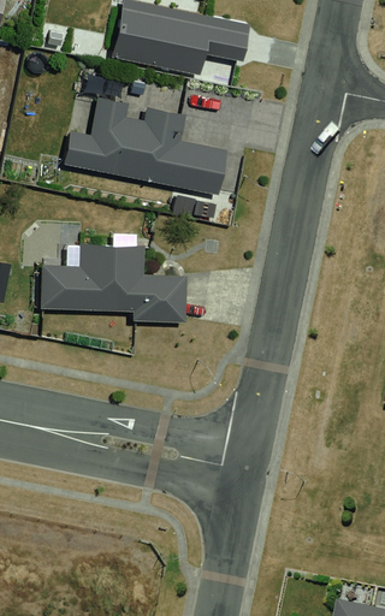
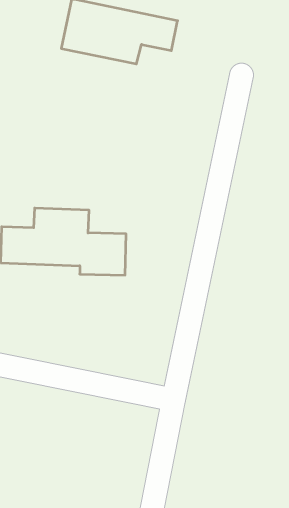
building: [64,97,226,195] -> none

